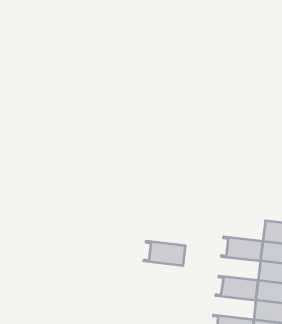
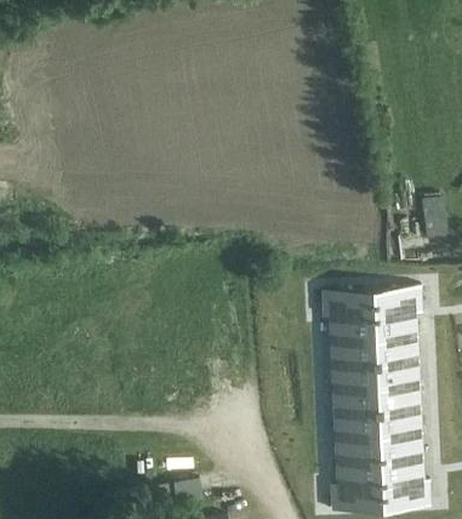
building: none -> [323,290,372,318]
building: [144,241,185,266] -> [325,340,375,366]
building: none -> [326,388,377,415]

